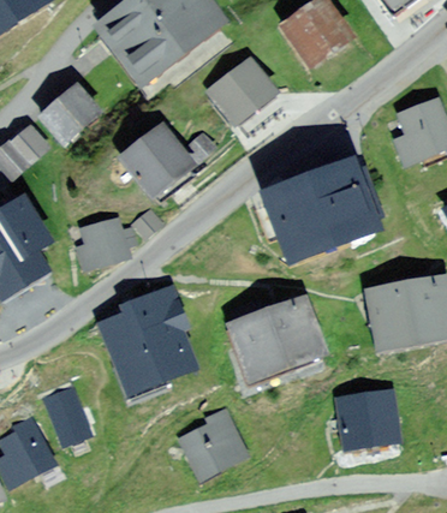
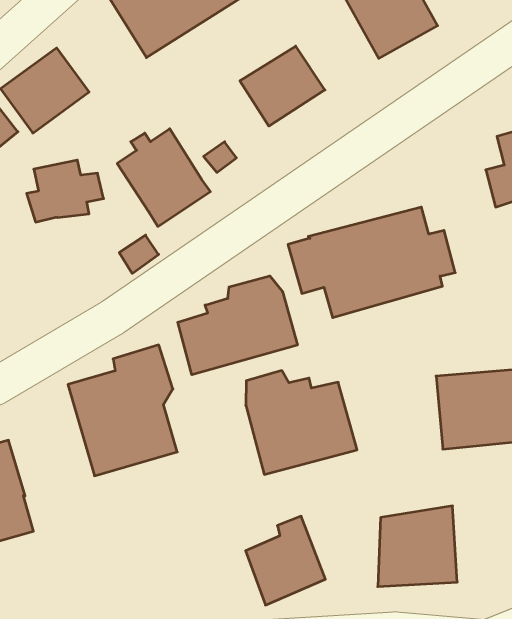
building: [79,219,136,267] -> [27,160,104,222]
building: none -> [178,276,297,375]
building: [184,407,244,475] -> [246,516,325,605]

